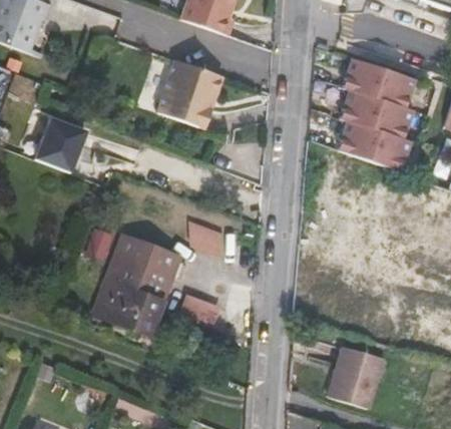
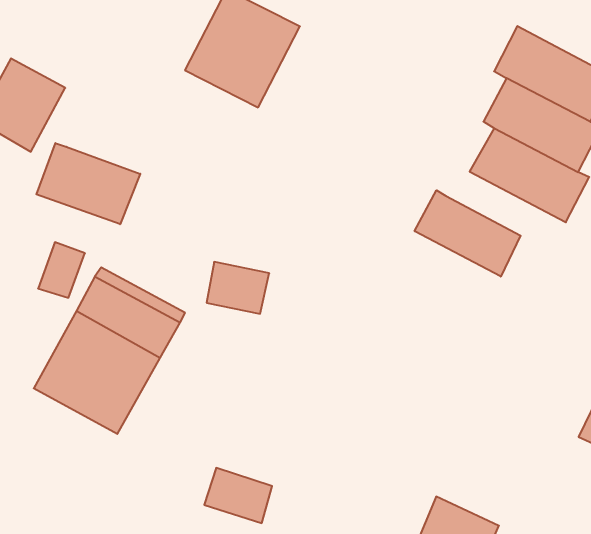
building: none -> [415,190,521,277]
building: none -> [36,143,140,224]
building: [181,294,220,323] -> [204,468,272,523]

